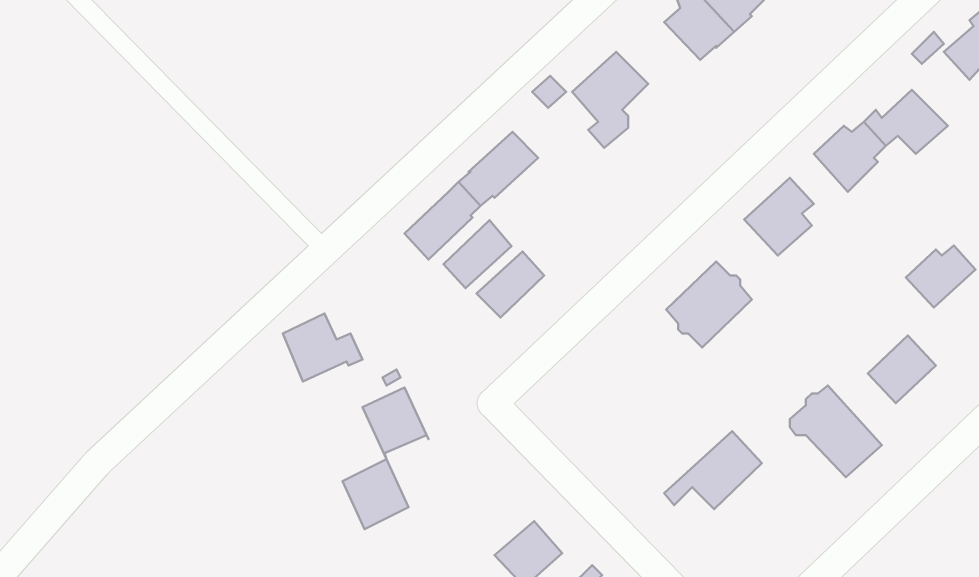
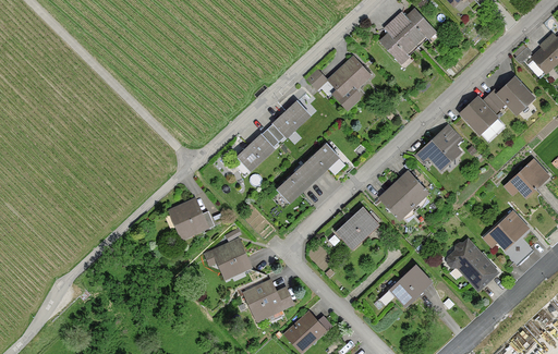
building: [444,220,512,288] -> [302,143,339,180]
building: none -> [336,207,379,249]
building: [343,459,409,529] -> [246,281,282,319]

